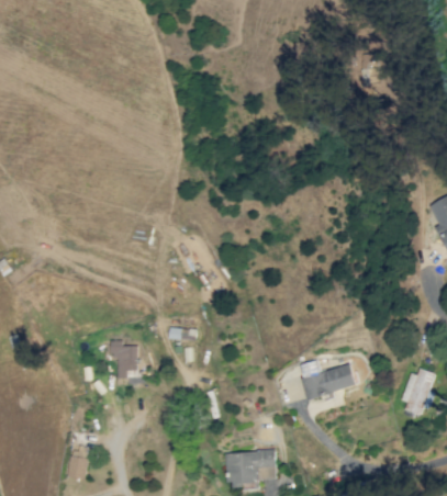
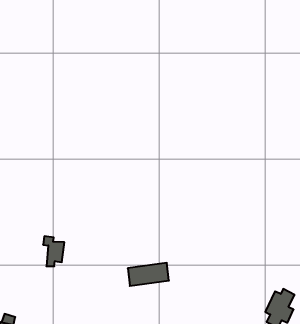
building: [302,364,356,399] -> [128,263,169,286]

